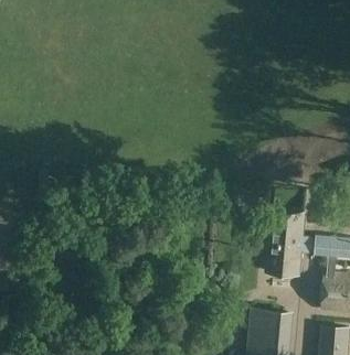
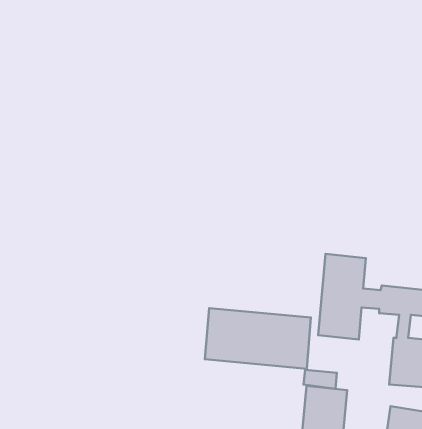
building: none -> [205,308,311,369]

